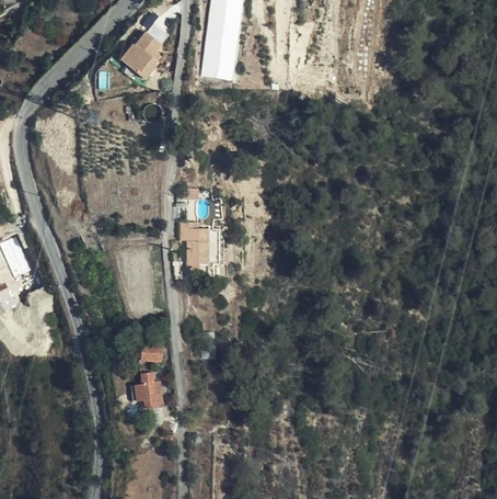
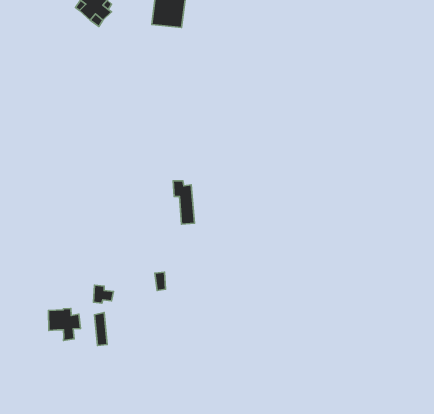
building: [181,225,203,270] -> [173,181,194,224]
building: none -> [48,308,80,340]

